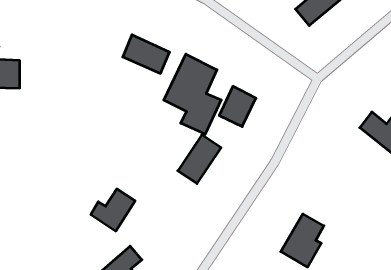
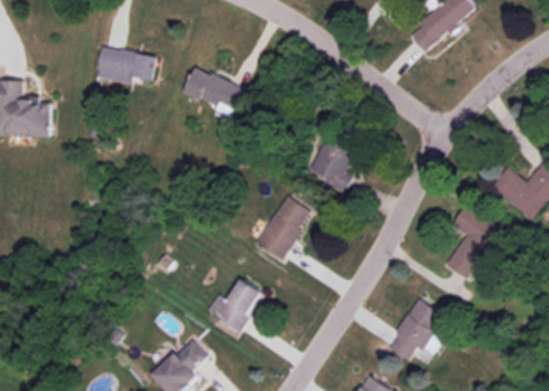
building: none -> [94,45,156,86]
building: [164,54,221,134] -> none
building: none -> [445,204,500,278]
building: [91,189,135,231] -> [206,278,264,333]

